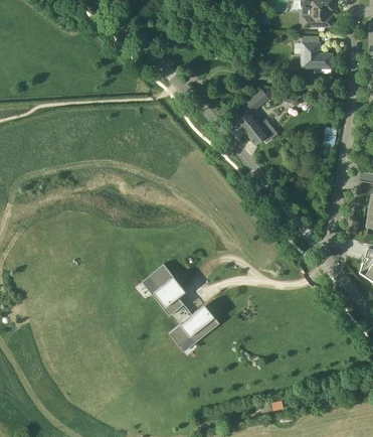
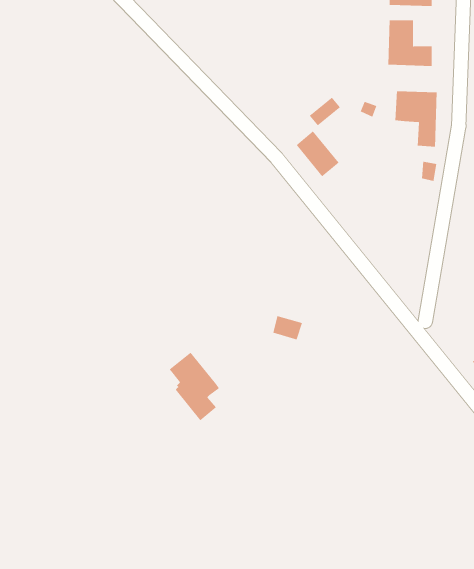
building: none -> [395,91,437,147]
building: [171,304,218,343] -> none

